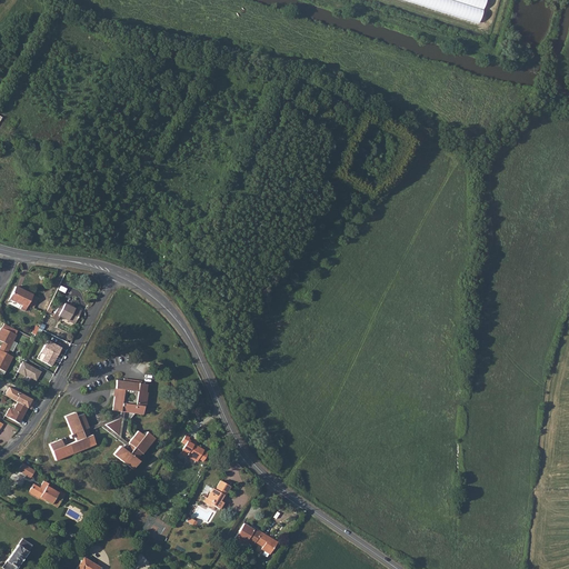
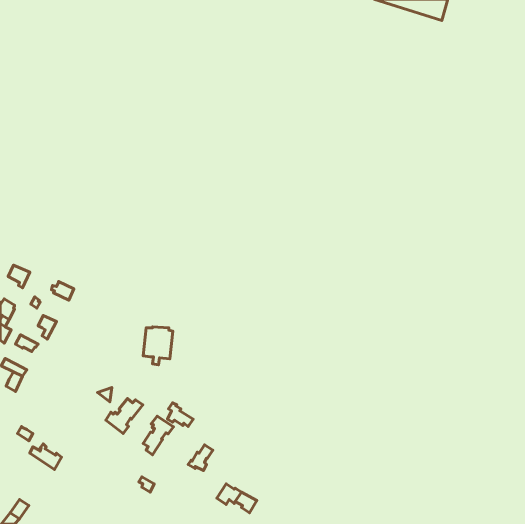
building: [113,379,146,420] -> [143,327,173,365]
building: [50,411,96,459] -> none
building: none -> [143,416,173,455]

